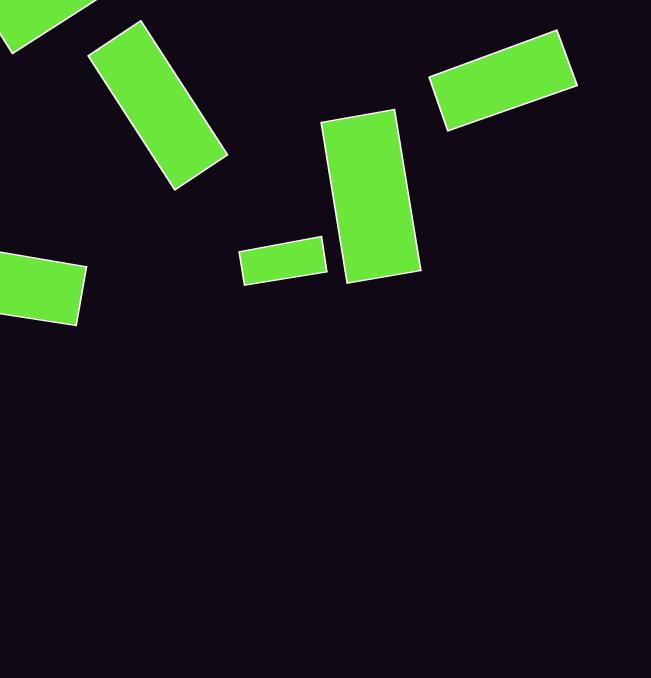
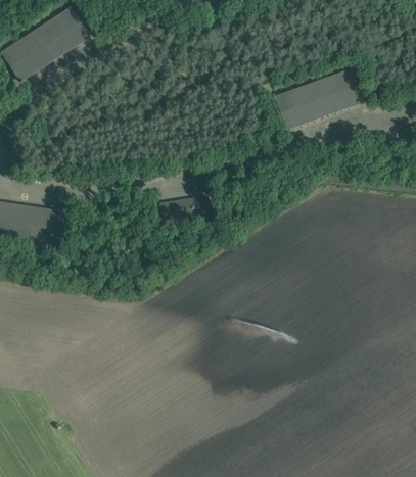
building: [88,21,227,190] -> none
building: [321,110,421,283] -> none

